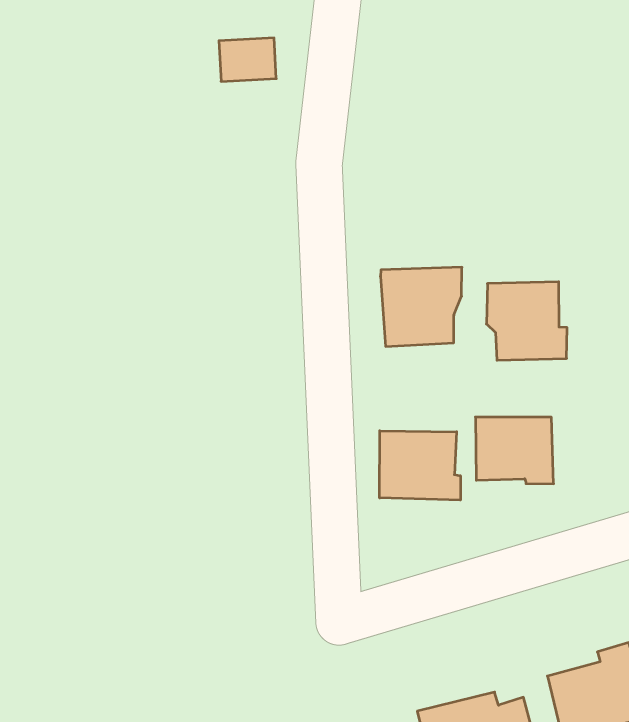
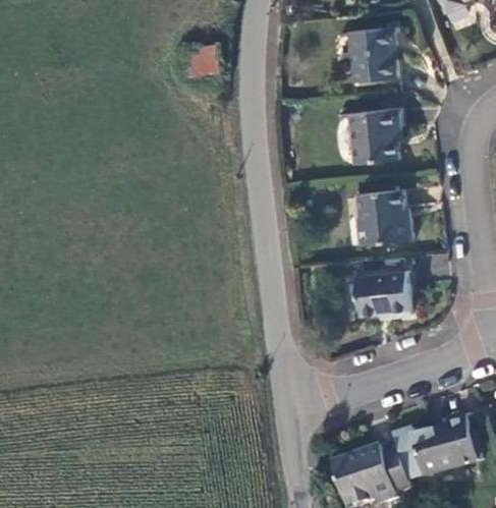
building: none -> [350,26,394,81]
building: [380,267,462,346] -> [350,107,402,160]
building: [380,431,460,500] -> none

